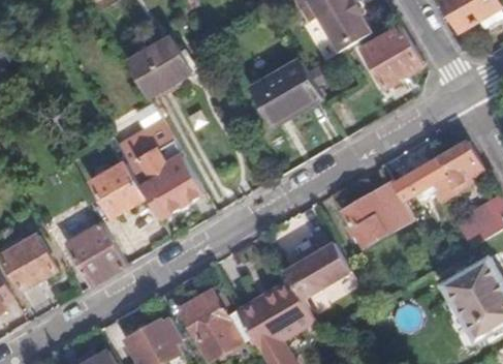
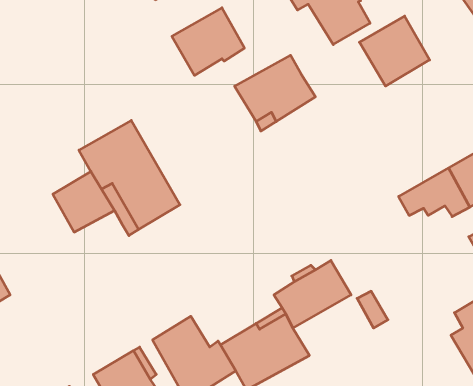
building: [126,34,189,93] -> [172,8,244,75]
building: [340,182,412,248] -> none
building: [66,221,126,284] -> none

